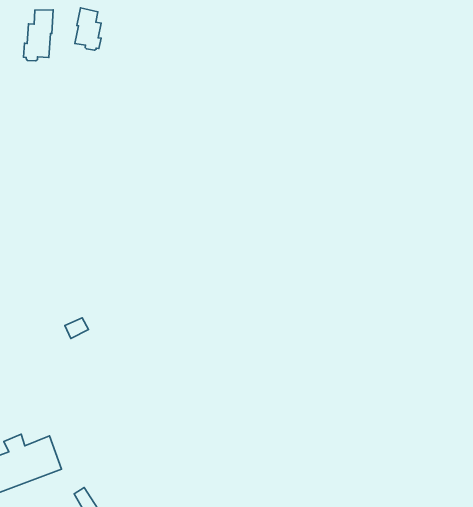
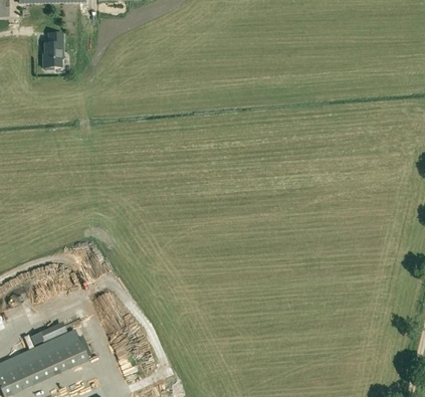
building: [75,8,101,50] -> none

